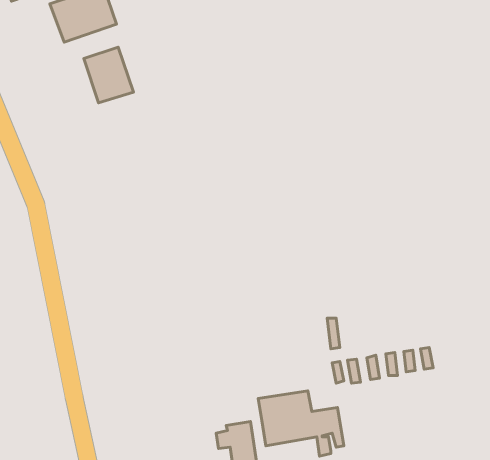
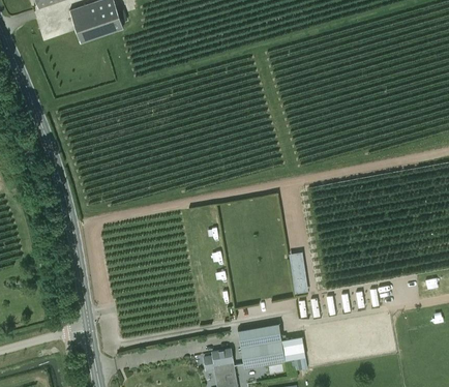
building: [84,47,133,103] -> none

